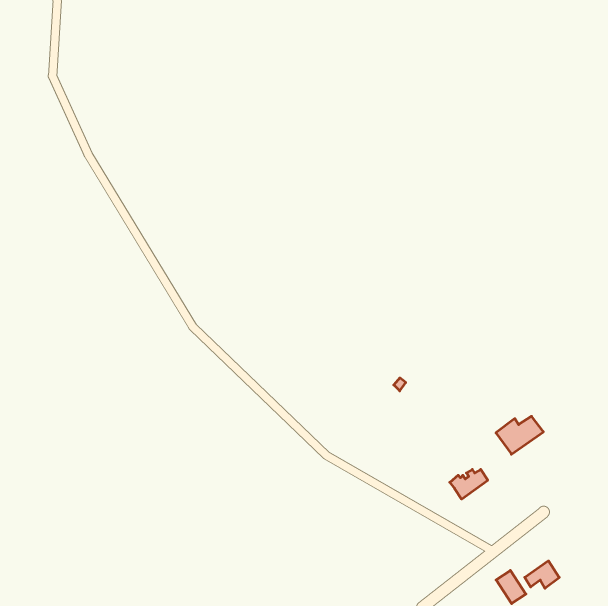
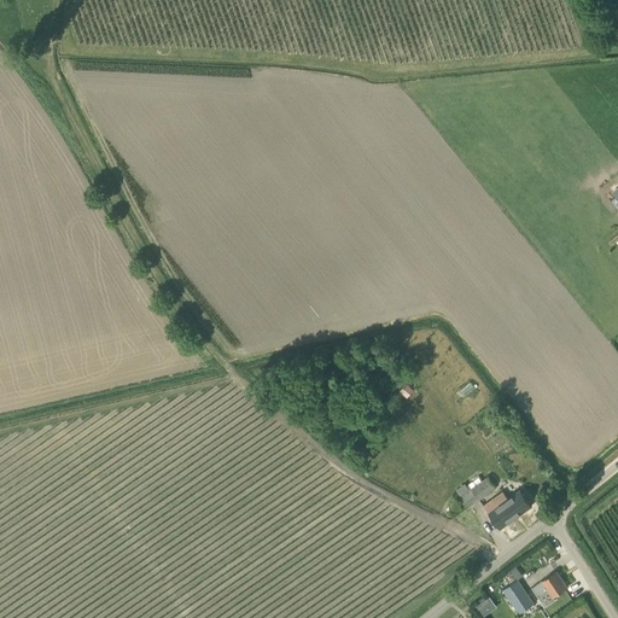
building: [496,416,543,454] -> [484,490,532,529]

